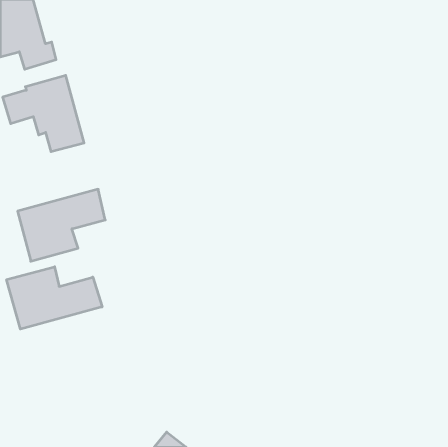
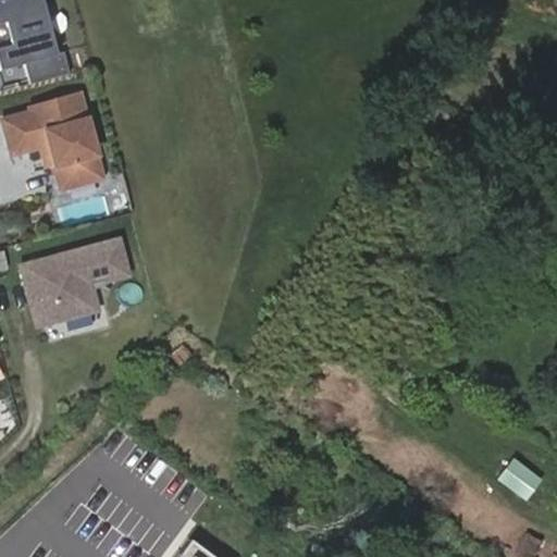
building: [7,267,102,329] -> none
building: none -> [496,459,540,500]

